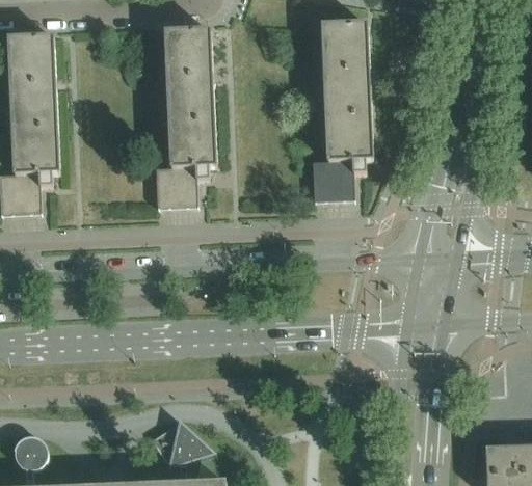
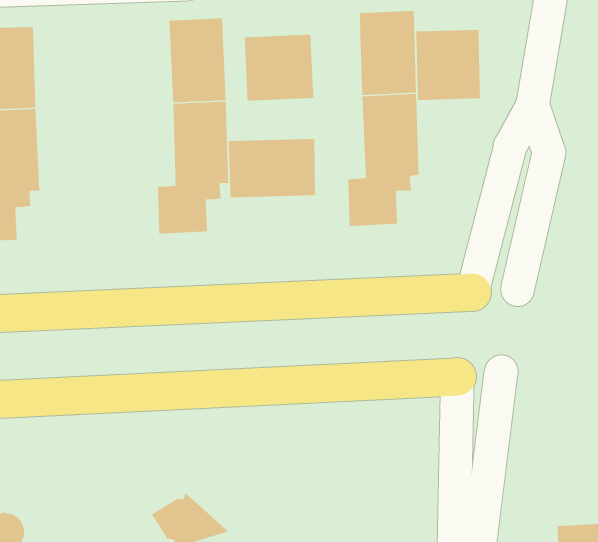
building: none -> [416,29,481,101]
building: none -> [244,34,314,101]
building: none -> [228,138,316,198]

